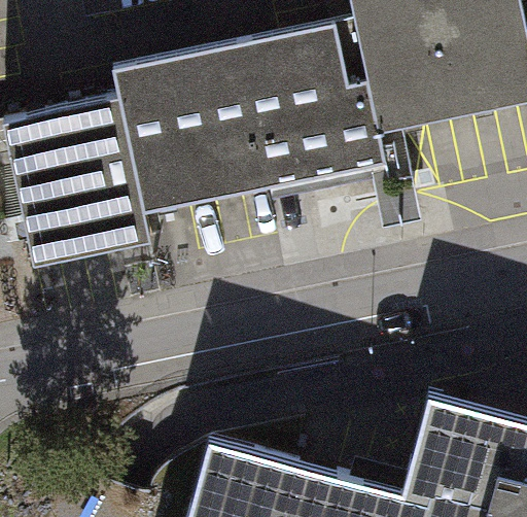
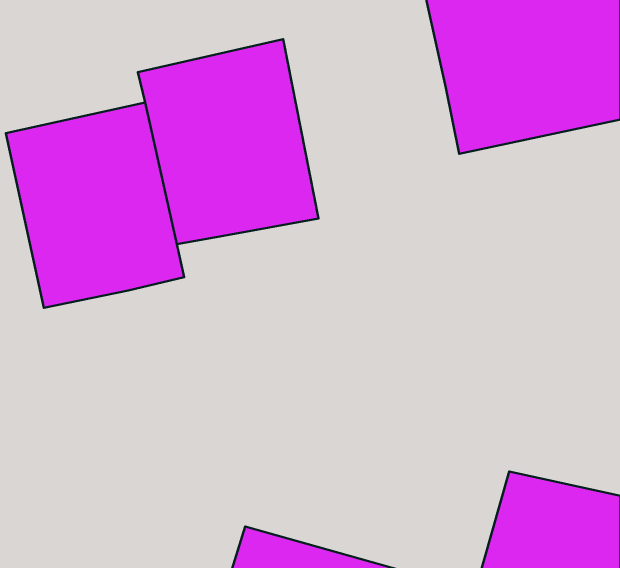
building: [239,20,394,189] -> none

